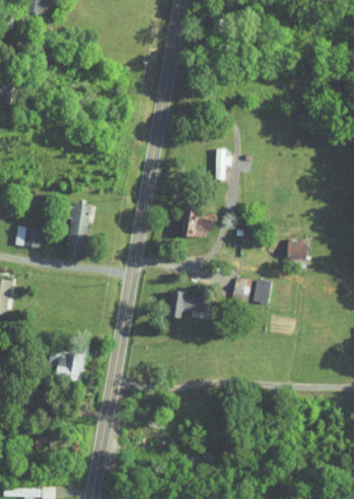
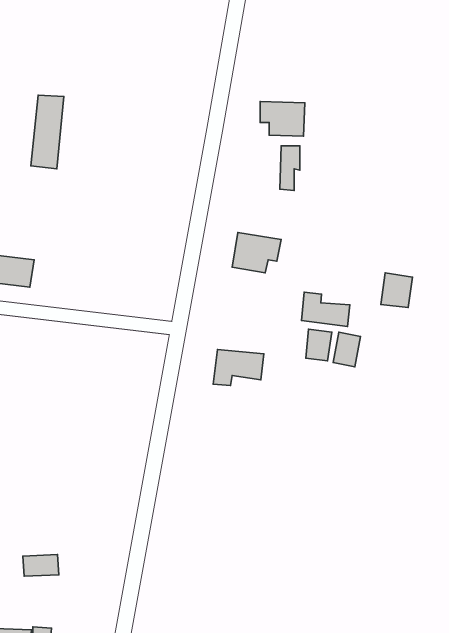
building: none -> [260,101,305,136]
building: [67,203,90,255] -> [31,95,64,169]
building: none -> [302,292,350,326]
building: [49,351,85,378] -> none

